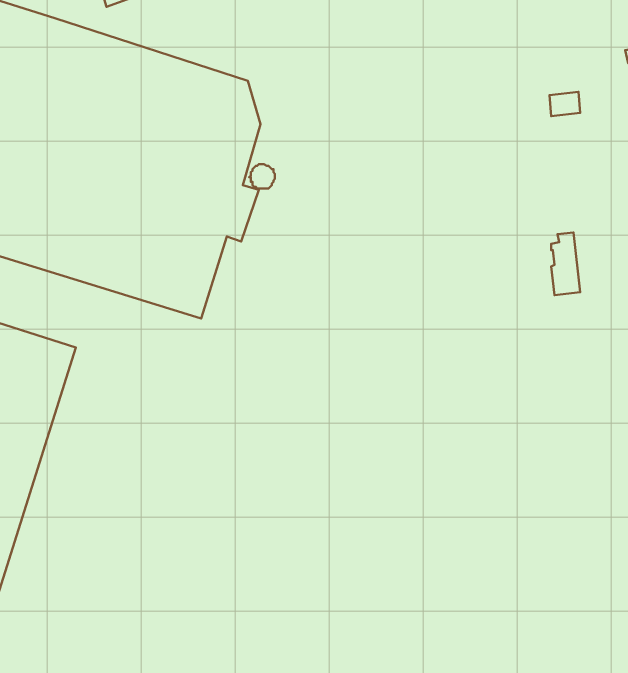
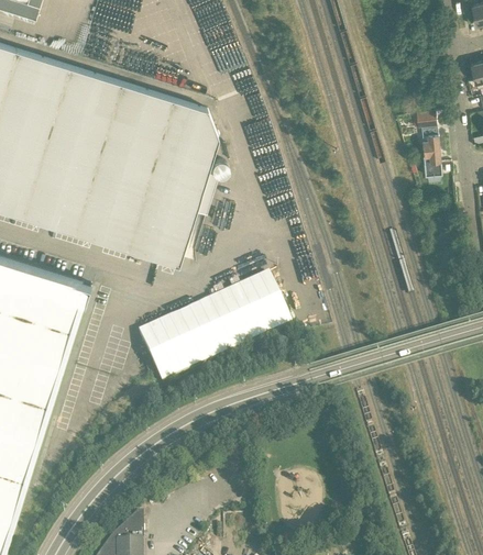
building: [551,233,580,295] -> [418,135,438,178]
building: none -> [133,275,287,385]

